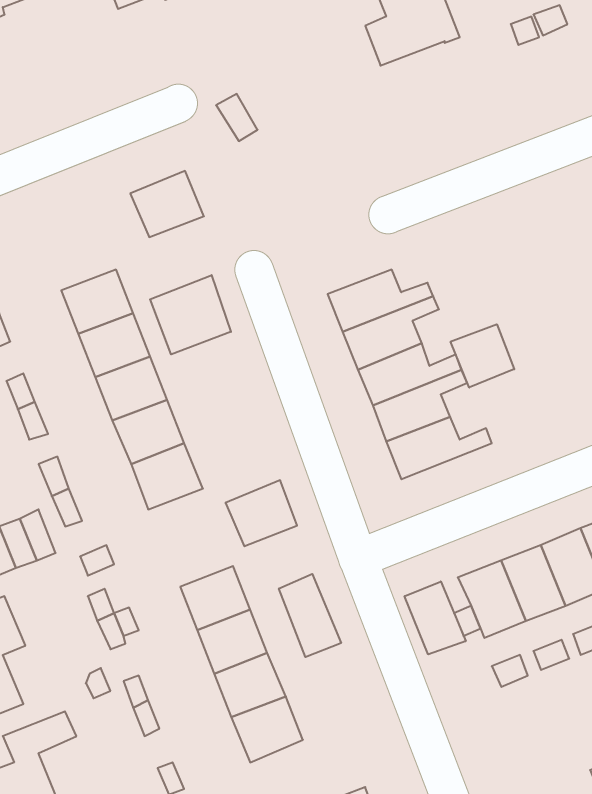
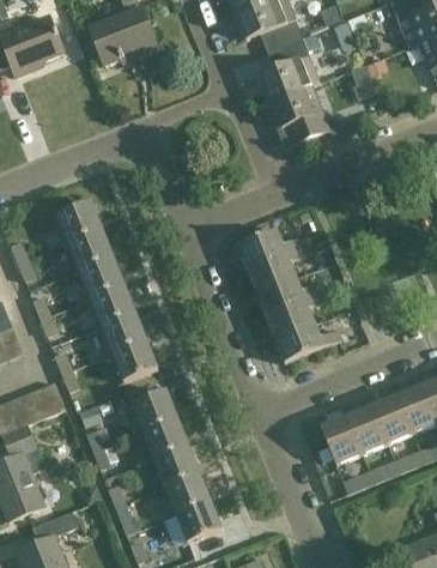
building: none -> [271,85,328,144]
building: [130,171,204,237] -> [56,201,103,243]
building: [150,275,231,354] -> none
building: [451,324,514,388] -> none
building: [225,480,297,546] -> [132,389,177,431]
building: [279,574,341,657] -> none
building: [405,581,466,654] -> none

